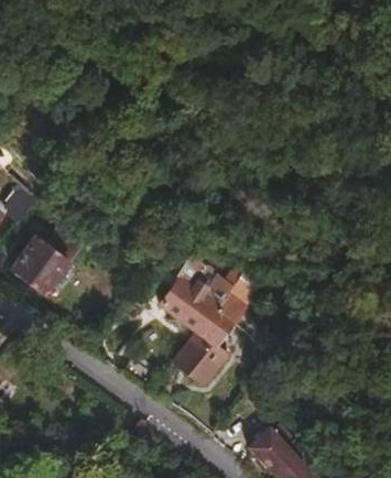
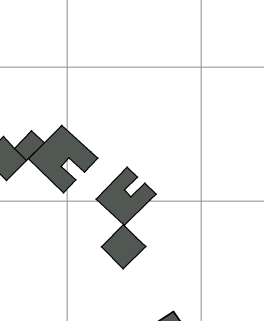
building: none -> [28,125,98,193]
building: [200,295,248,344] -> none

